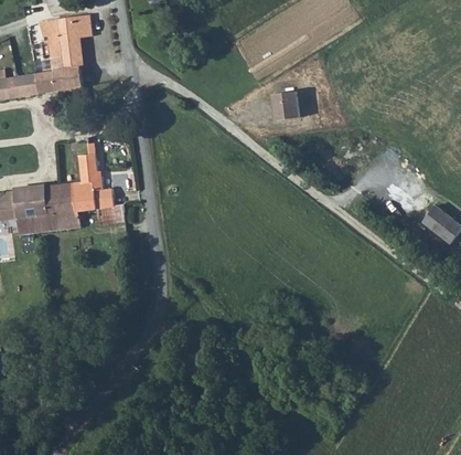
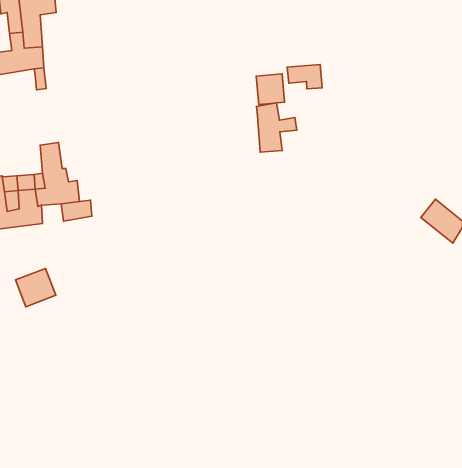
building: none -> [287,64,322,89]
building: none -> [256,103,297,152]
building: none -> [16,268,56,307]

